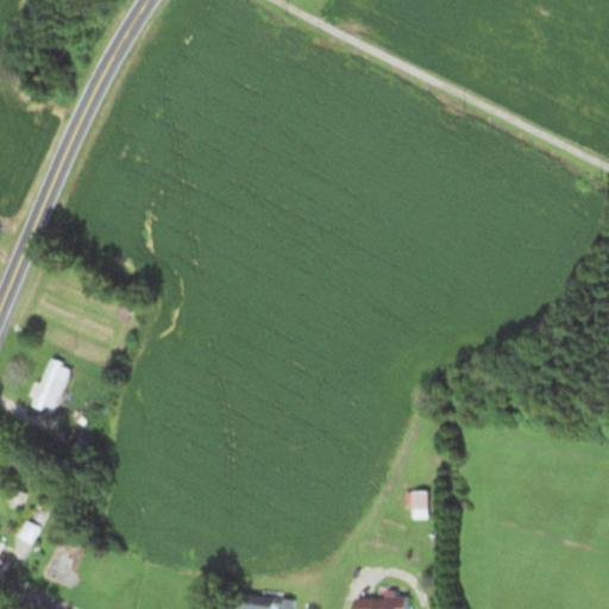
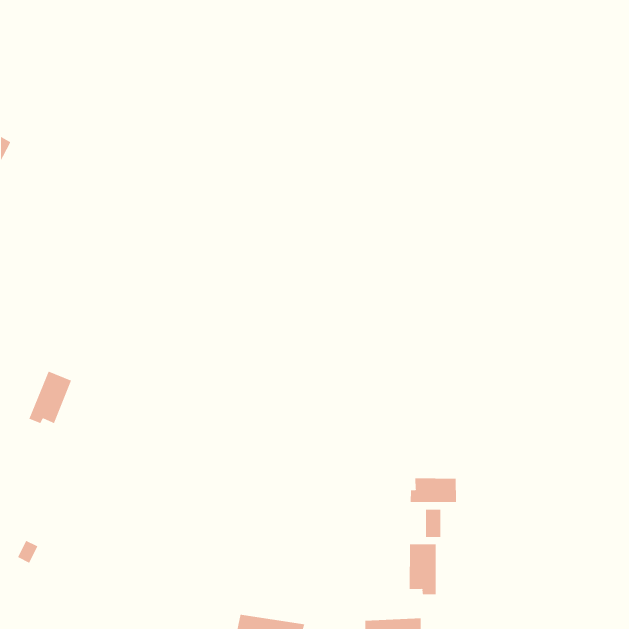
building: none -> [410,478,456,503]
building: none -> [409,543,436,595]

